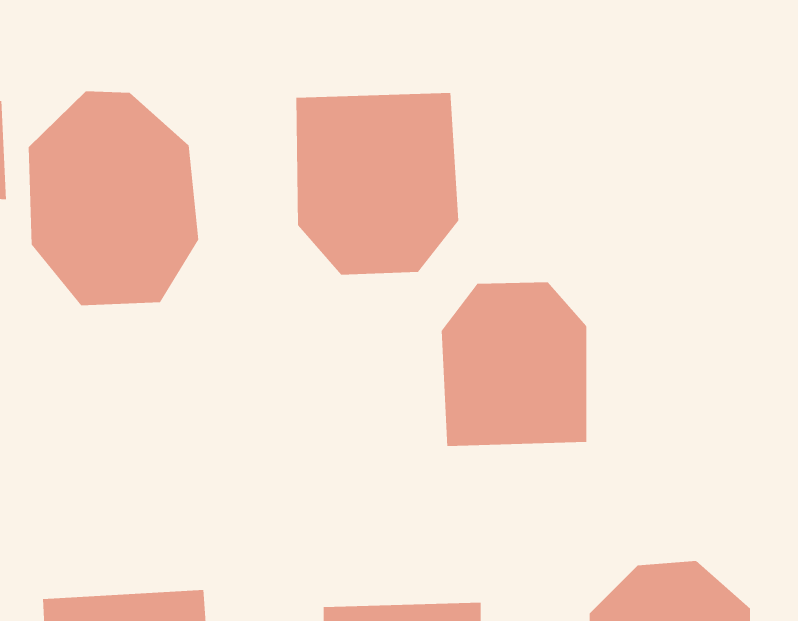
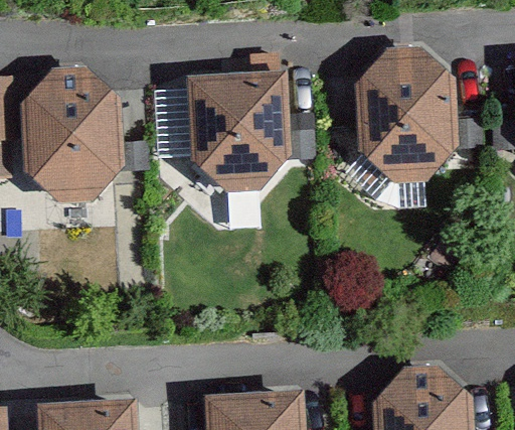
building: none -> [351,47,461,185]
building: [441,282,587,447] -> none

